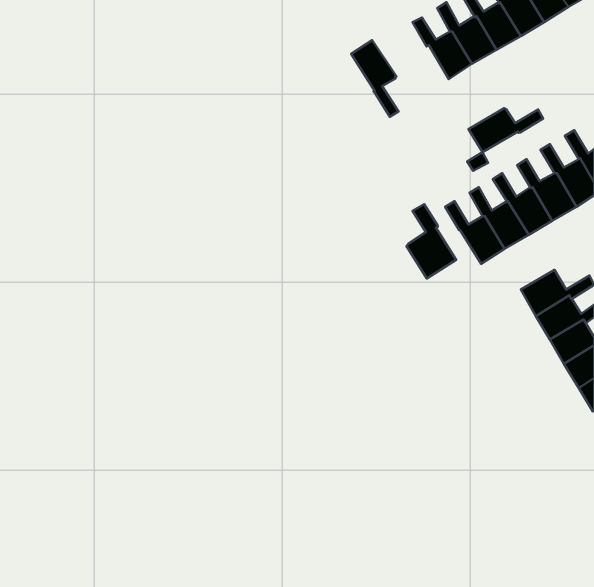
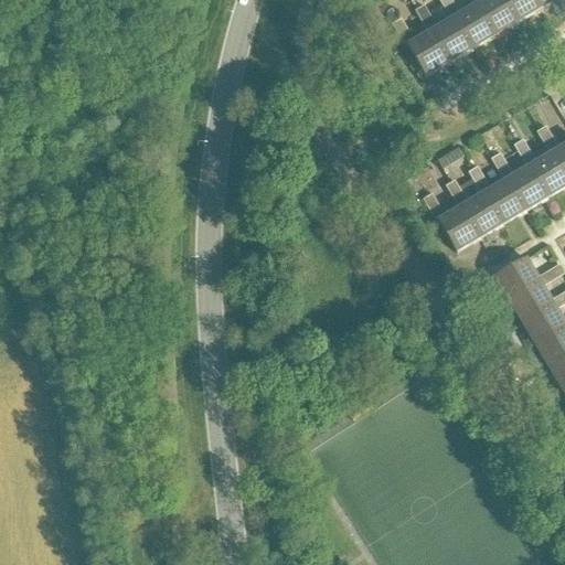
building: [351,40,399,117] -> none
building: [468,108,543,152] -> none
building: [407,204,456,279] -> none

